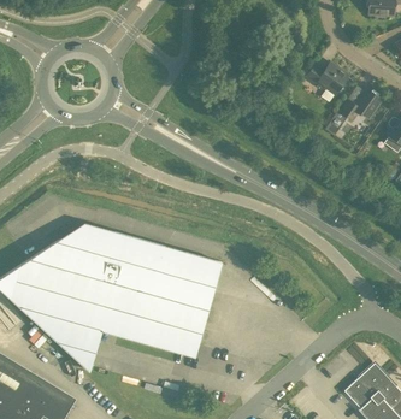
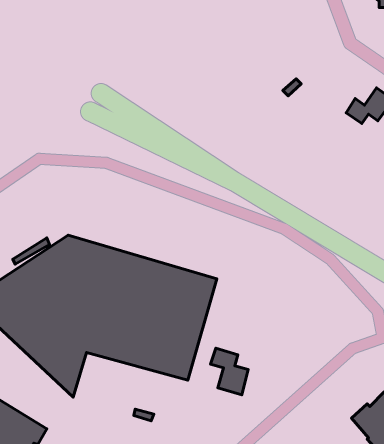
building: [307,64,349,95] -> none
building: none -> [210,348,248,395]

